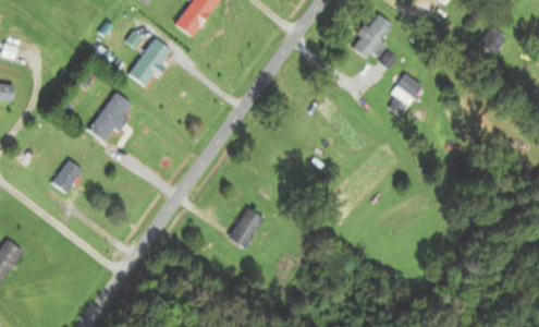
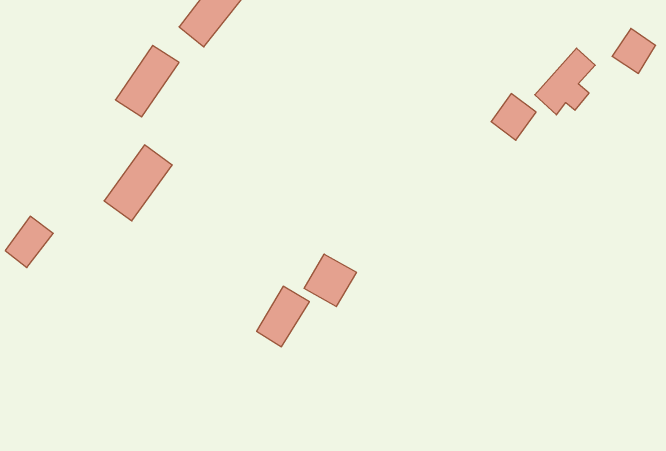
building: [351,13,393,60] -> [535,48,595,115]
building: [87,90,135,144] -> [104,145,172,221]
building: none -> [304,254,356,307]

